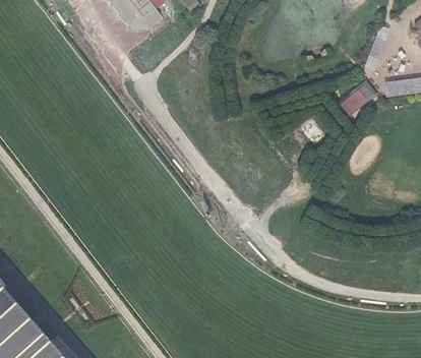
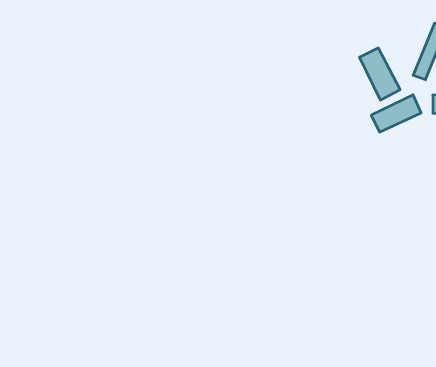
building: none -> [360,48,400,100]

